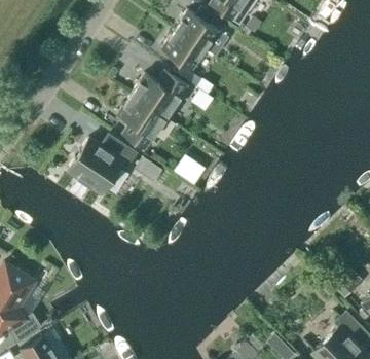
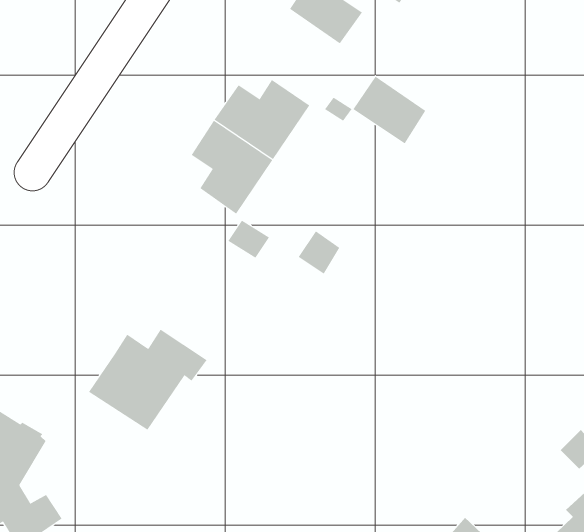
building: [160,30,203,70] -> [352,76,426,144]
building: [65,136,135,195] -> [88,329,208,431]

